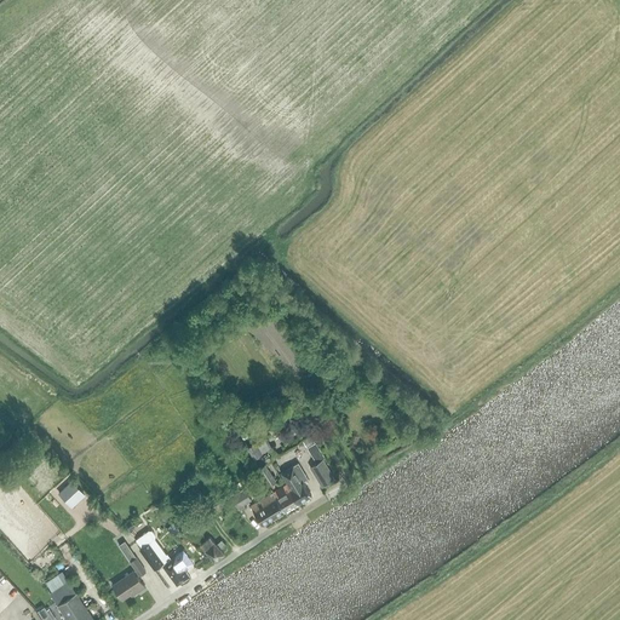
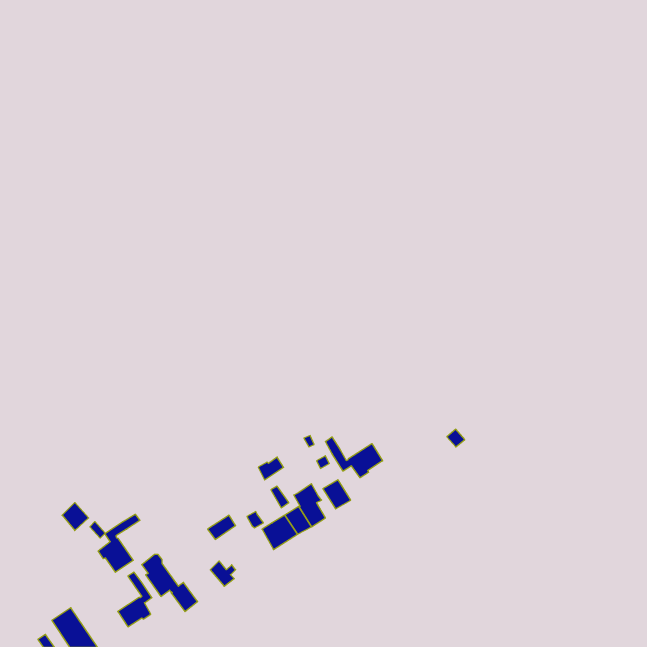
building: none -> [325,437,383,478]
building: none -> [98,514,140,572]

